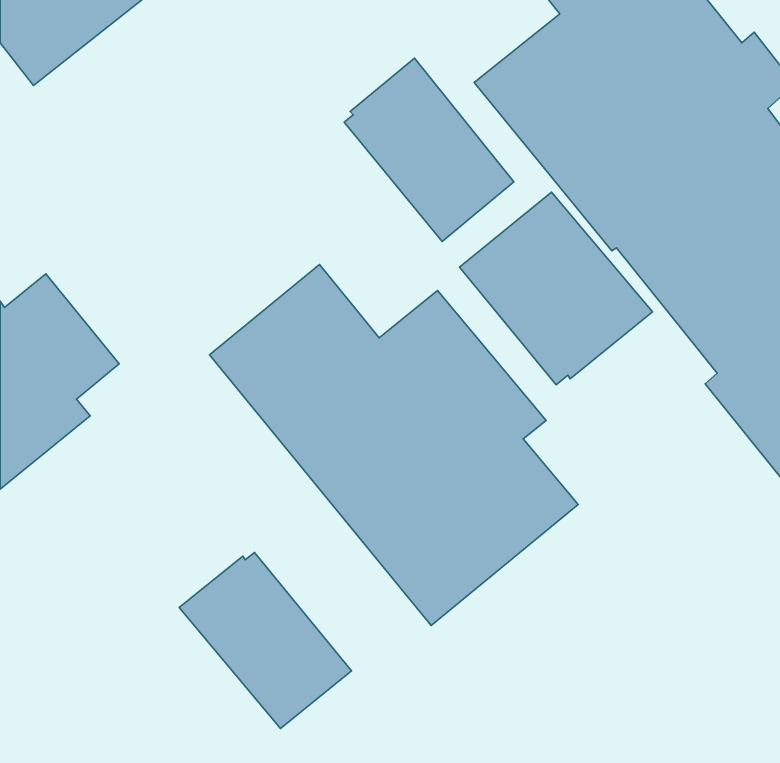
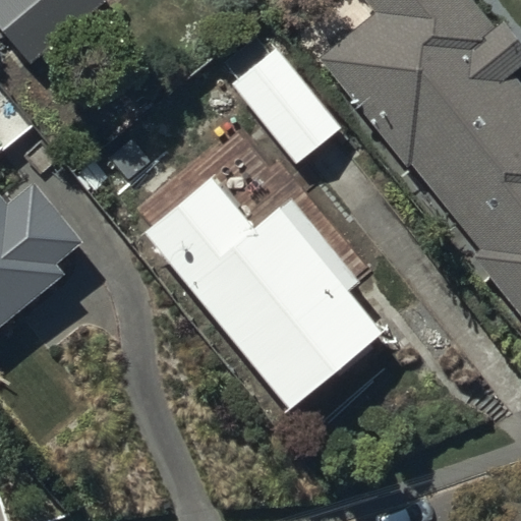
building: [460,192,653,385] -> none
building: [179,553,351,728] -> none

